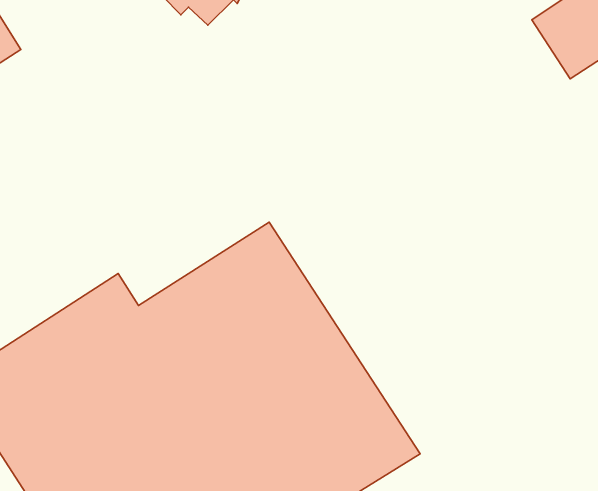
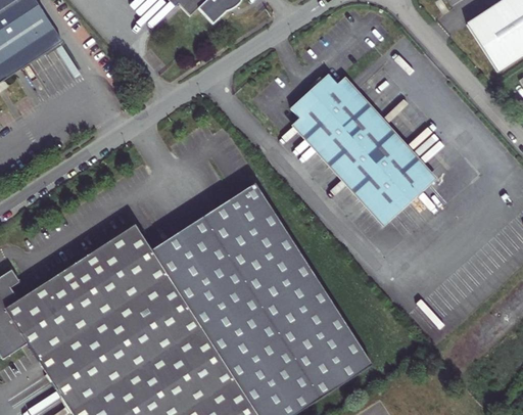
building: none -> [292,73,433,219]

